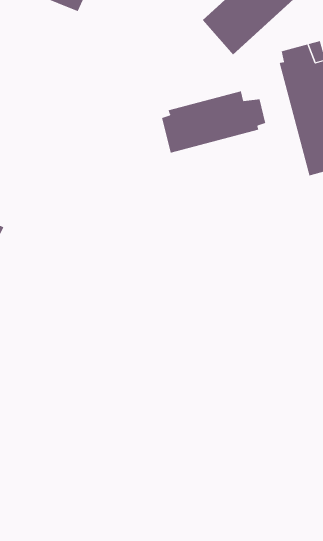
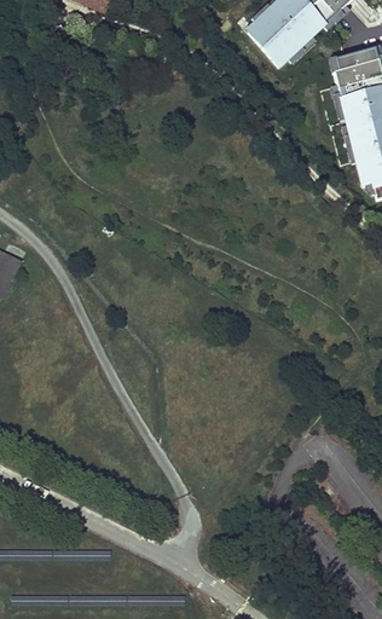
building: [161,90,266,153] -> none

